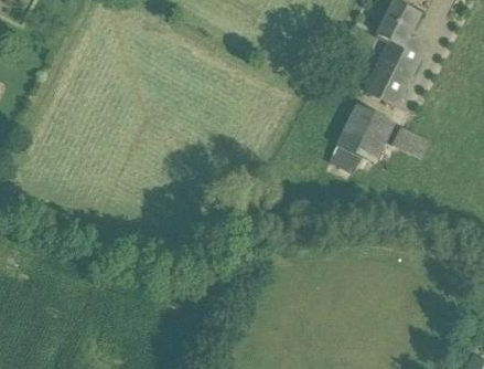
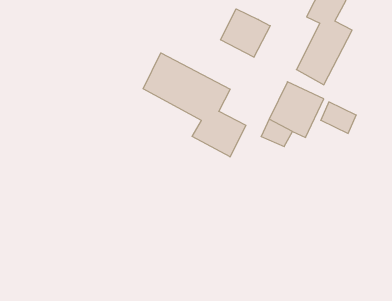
building: none -> [221,9,270,57]
building: none -> [143,53,246,157]

